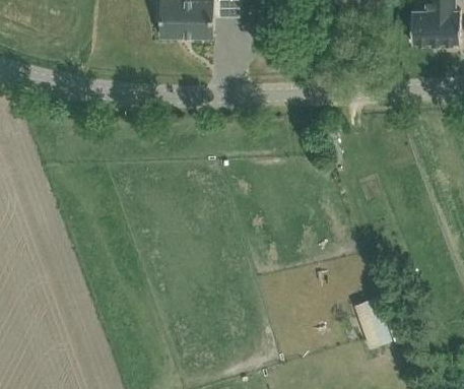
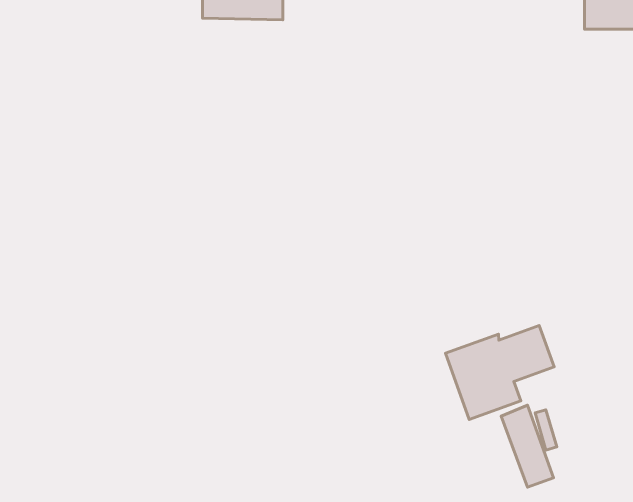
building: none -> [445,326,554,420]

